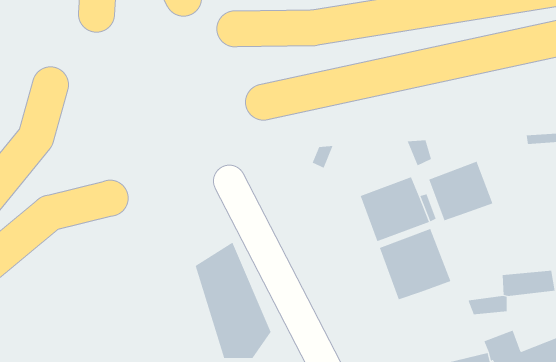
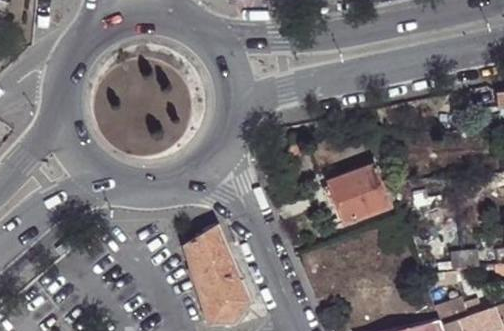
building: [428,161,493,221] -> none
building: [379,228,451,300] -> none

